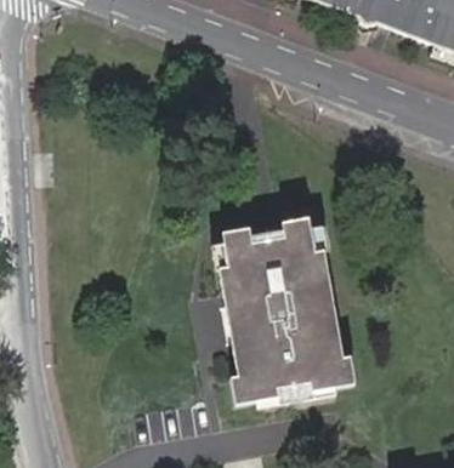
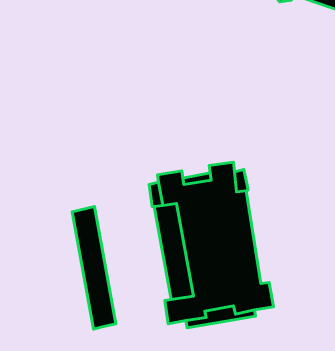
building: none -> [72,207,116,329]

